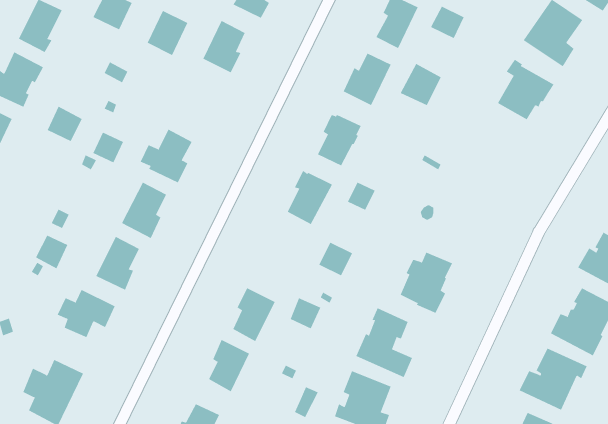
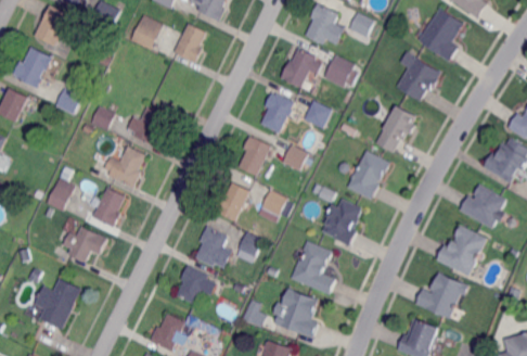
building: none -> [304,100,332,128]
building: none -> [376,105,416,152]
building: none -> [347,151,388,196]
building: none -> [215,182,250,221]

